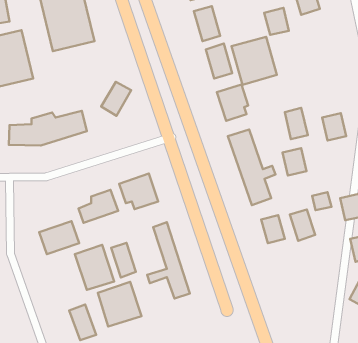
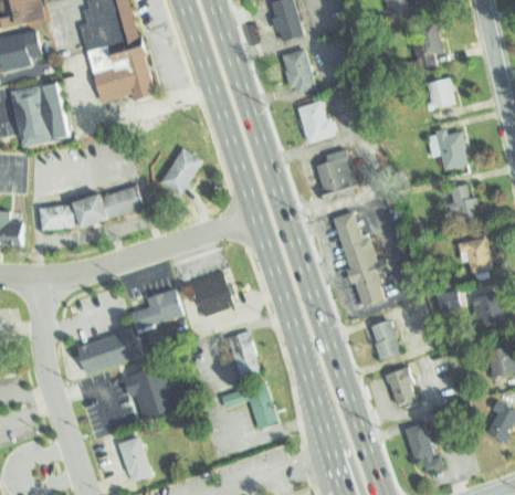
building: [264,8,289,35] -> [422,76,454,112]
building: [231,37,277,85] -> none
building: [285,108,308,139] -> [435,130,465,171]
building: [283,148,306,176] -> [459,234,490,270]
building: [290,209,315,241] -> [383,367,417,408]
building: [111,243,136,278] -> none
building: [98,282,141,327] -> none
building: none -> [404,421,443,472]

